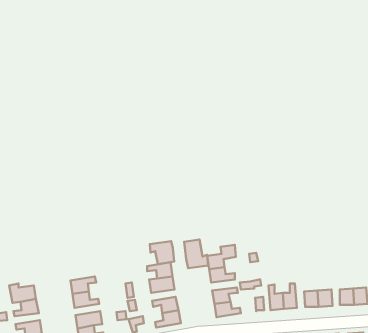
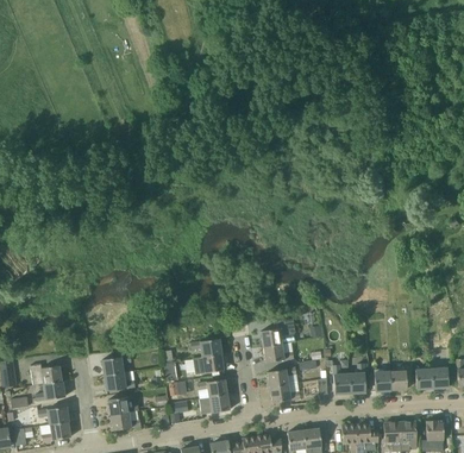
building: [184,239,208,268] -> none
building: [150,241,174,264] -> none

